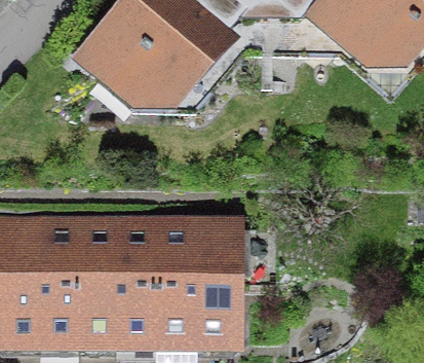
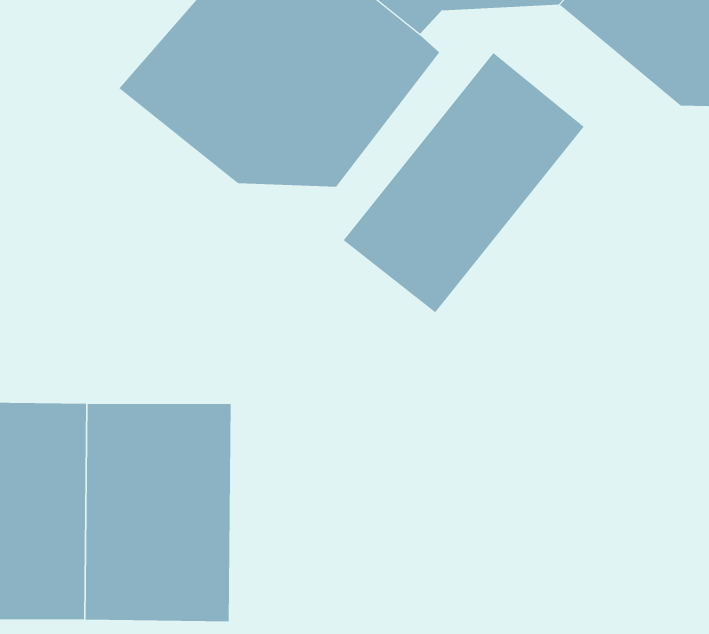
building: none -> [343,52,584,313]
building: [143,223,225,336] -> none

